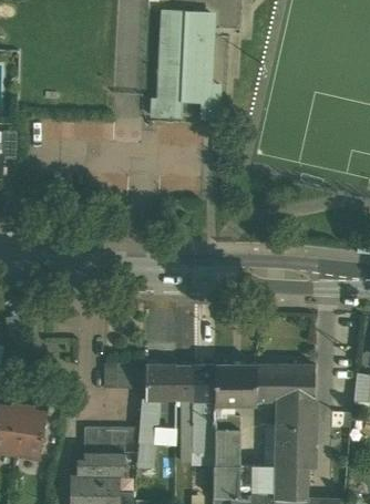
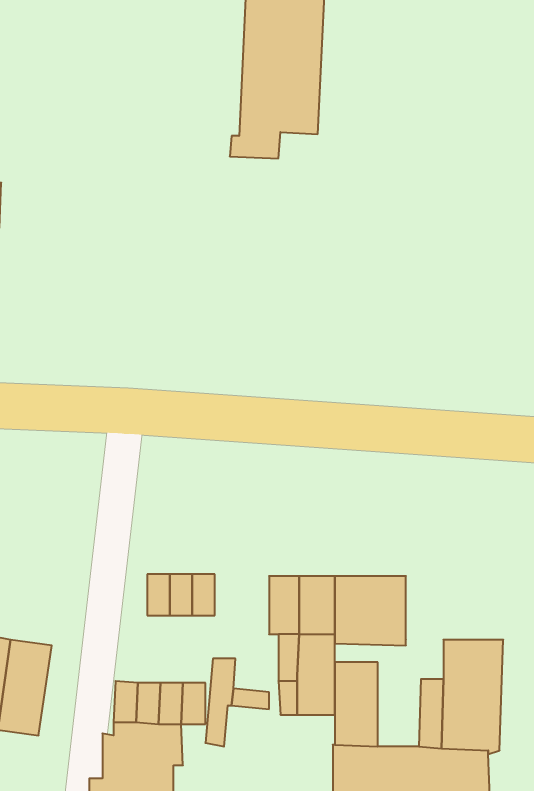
building: [146,364,176,400] -> none
building: [257,366,316,403] -> none

